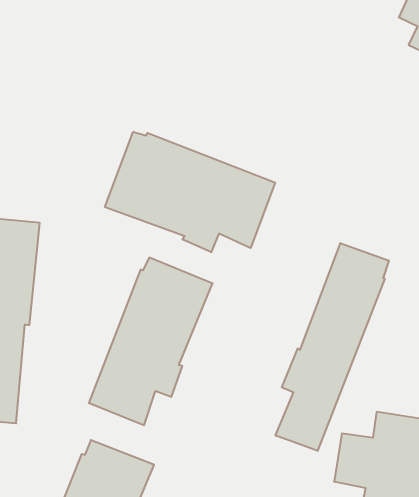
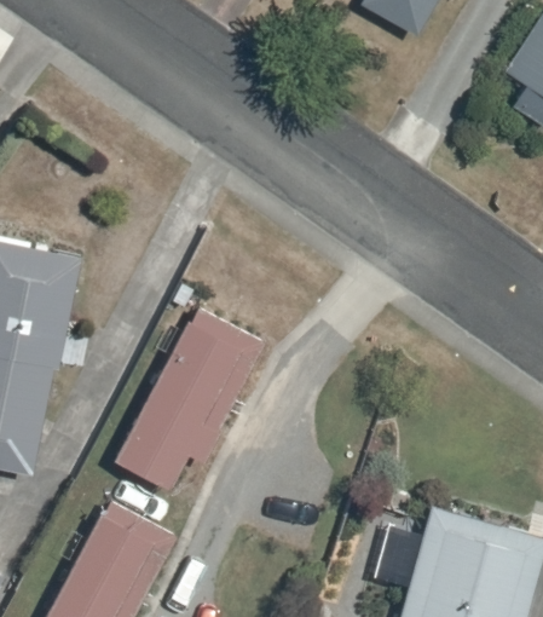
building: [105,132,275,252] -> none
building: [276,243,389,451] -> none

